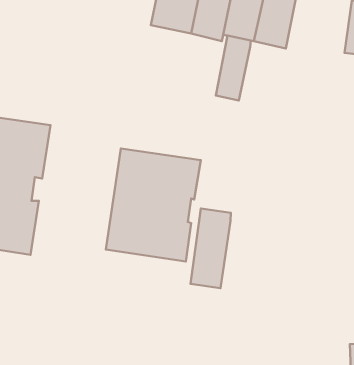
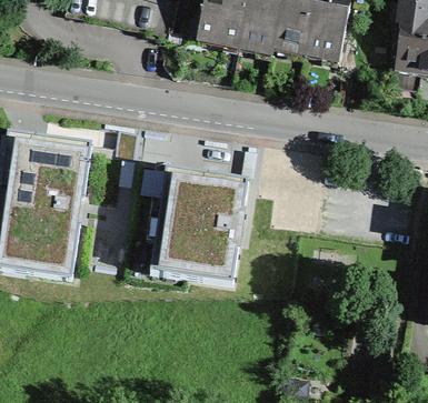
building: [216,36,251,100] -> none
building: [191,209,231,288] -> none

